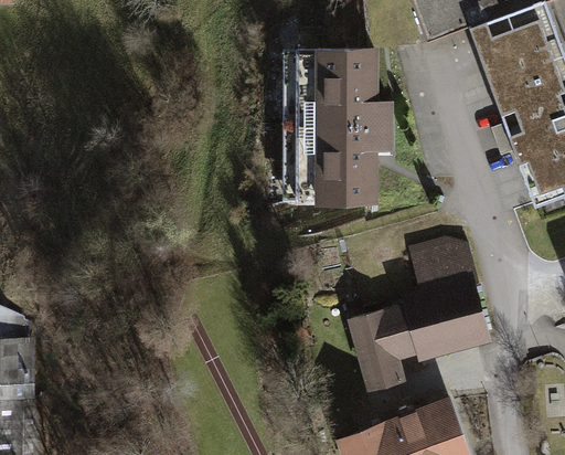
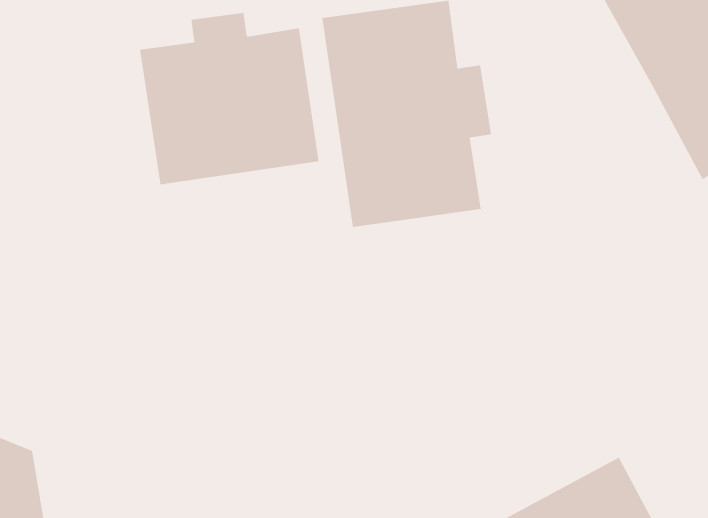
building: none -> [140,12,319,185]
building: [347,240,491,392] -> none

